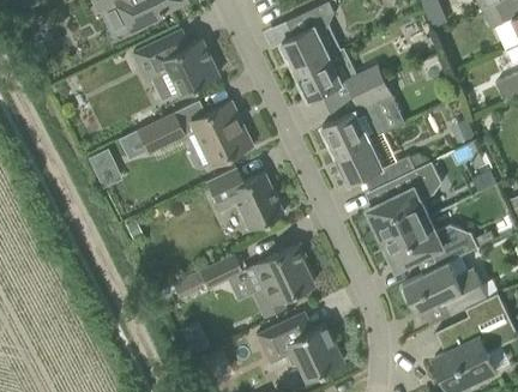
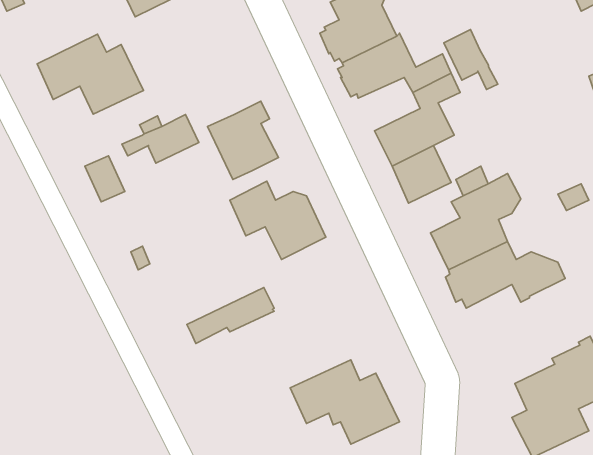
building: [132,31,218,96] -> [37,34,143,114]
building: none -> [444,30,498,90]
building: [252,246,313,318] -> none
building: [403,263,490,327] -> none

